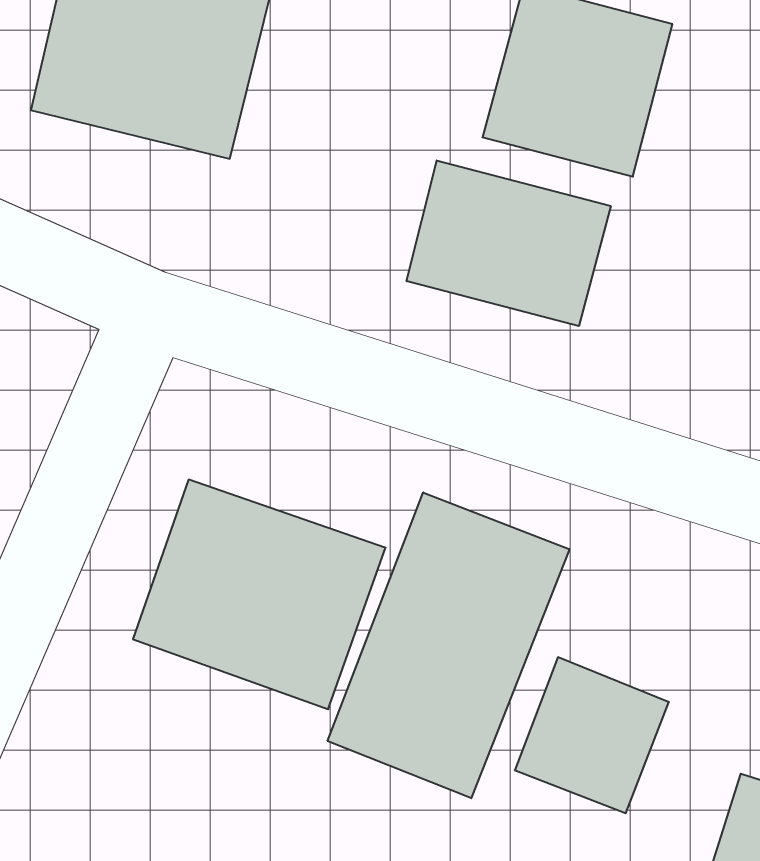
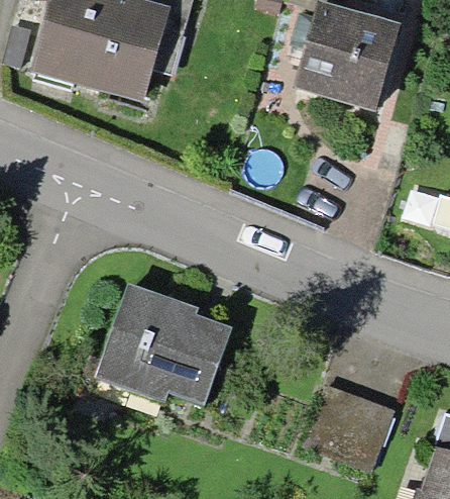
building: [407,160,611,326] -> none
building: [328,492,569,798] -> none

